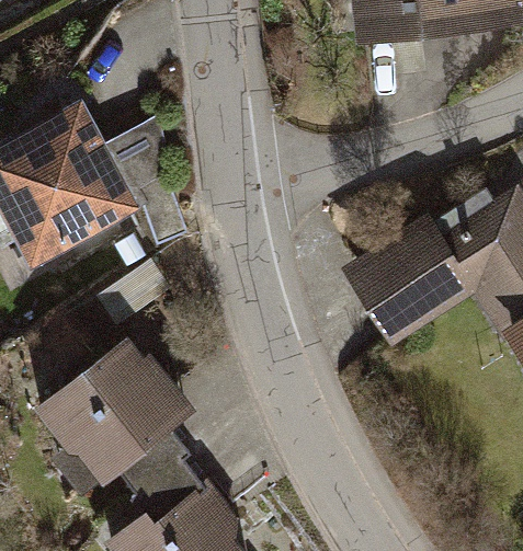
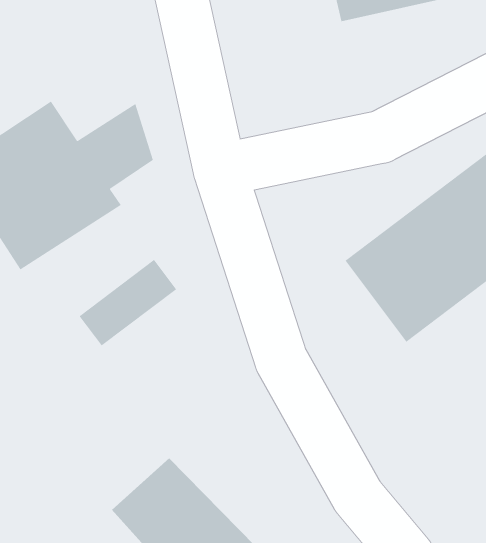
building: [32,344,196,500] -> none

